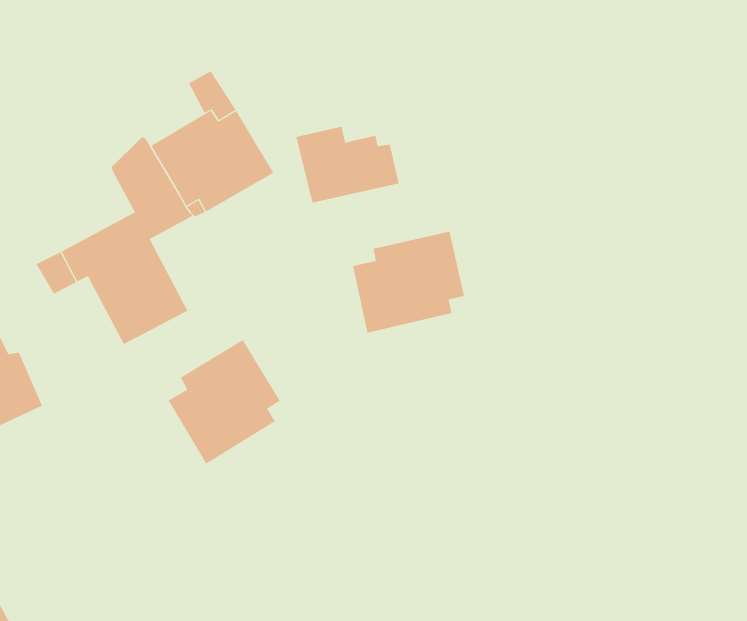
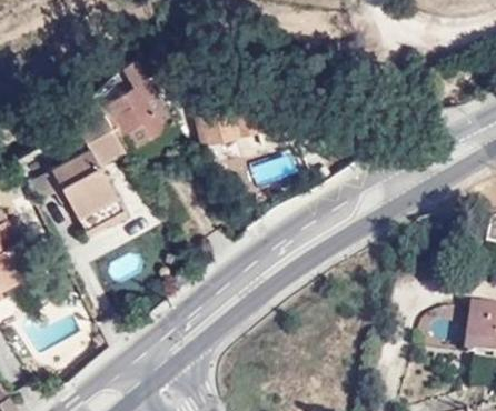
building: [352,231,465,333] -> none
building: [168,339,281,465] -> none

